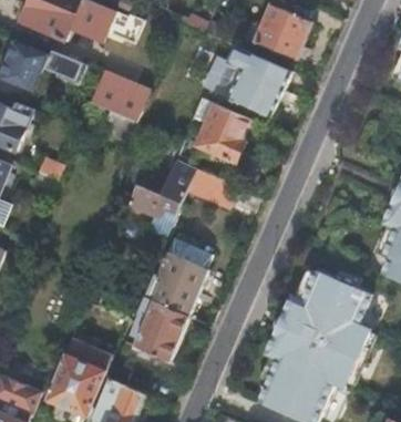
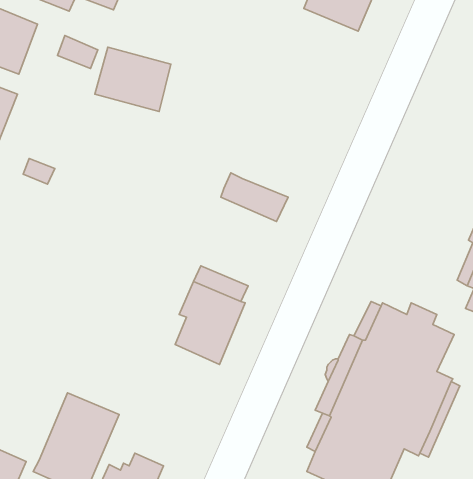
building: [206,52,284,116] -> none
building: [200,106,250,162] -> none
building: [128,172,192,219] -> none
building: [134,301,188,361] -> none

